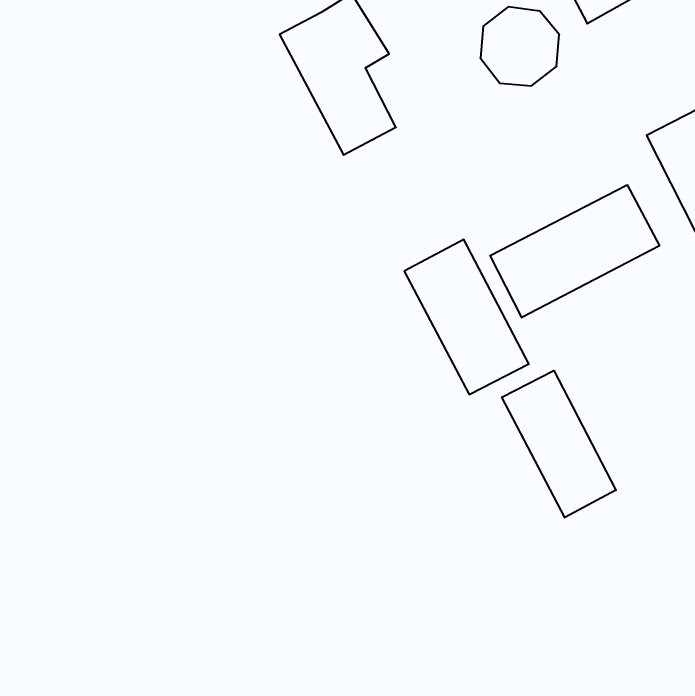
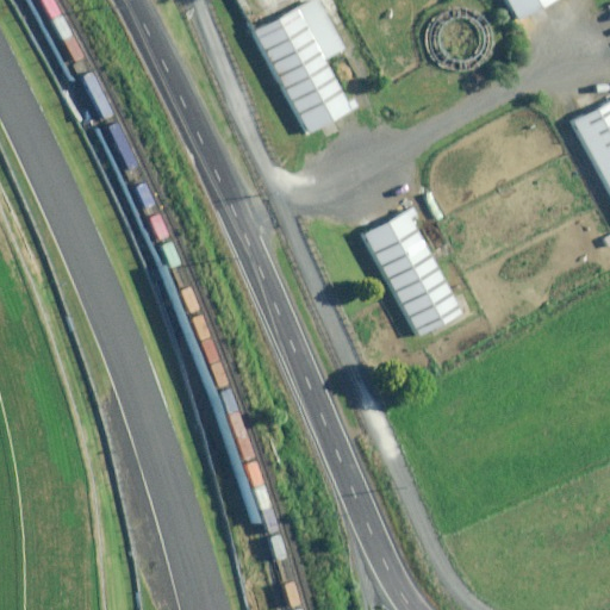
building: [490,185,659,318] -> none
building: [502,371,616,518] -> none

